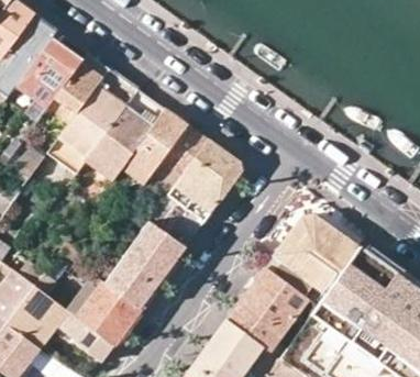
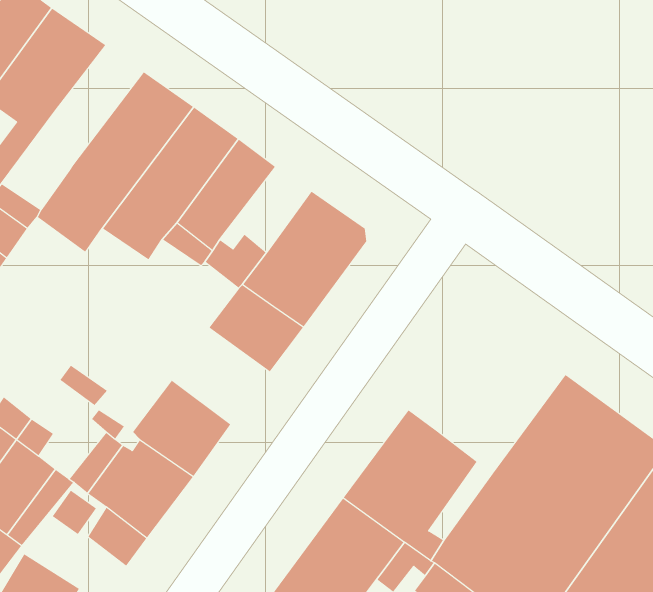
building: [53,54,110,127] -> none
building: [155,125,209,176] -> none
building: [276,215,358,306] -> none
building: [126,220,185,277] -> none

